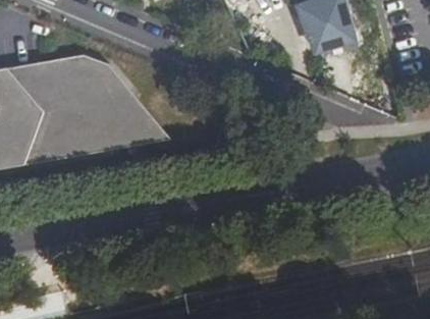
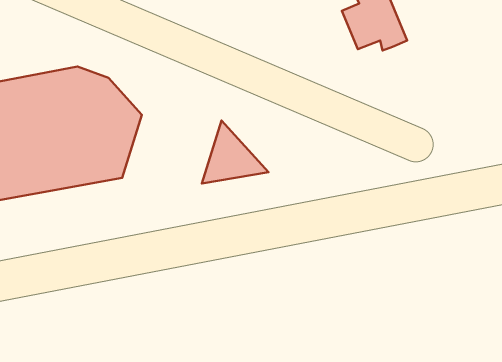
building: [113,95,168,147] -> [202,120,268,183]

